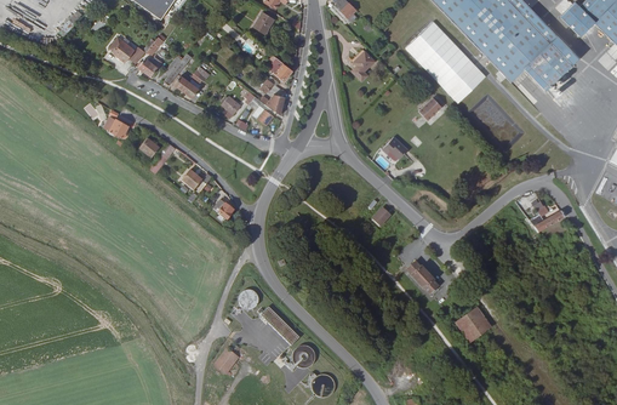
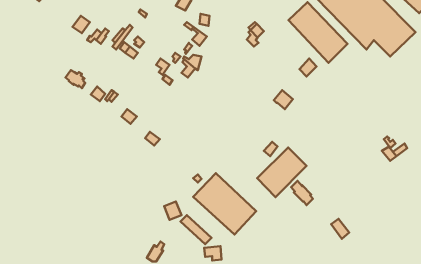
building: none -> [257,148,306,197]
building: none -> [193,173,256,234]

